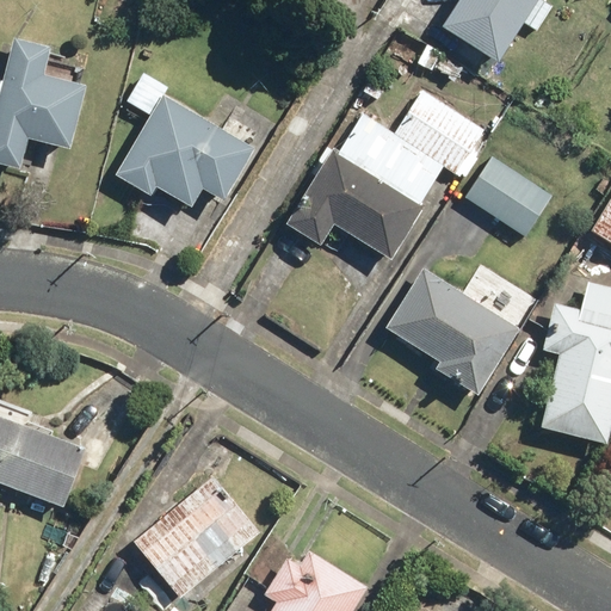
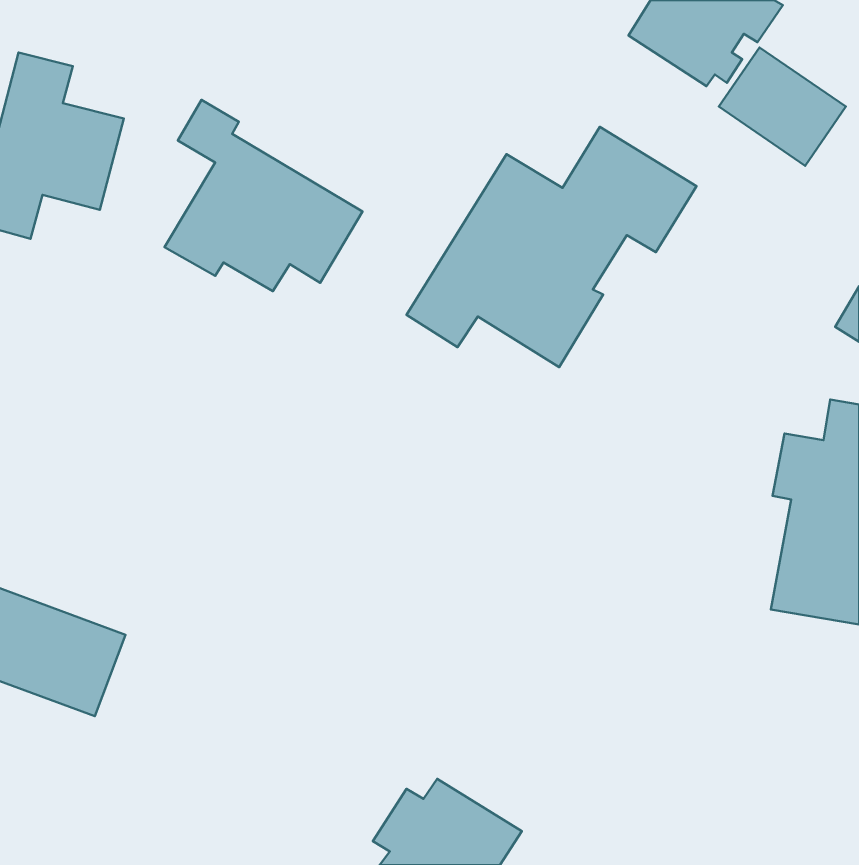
building: [461,154,550,237] -> [719,47,846,166]
building: [385,267,519,395] -> none
building: [135,475,260,598] -> none

